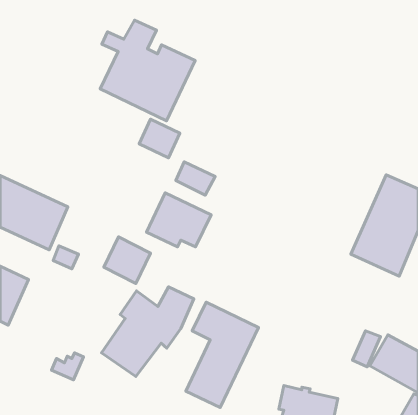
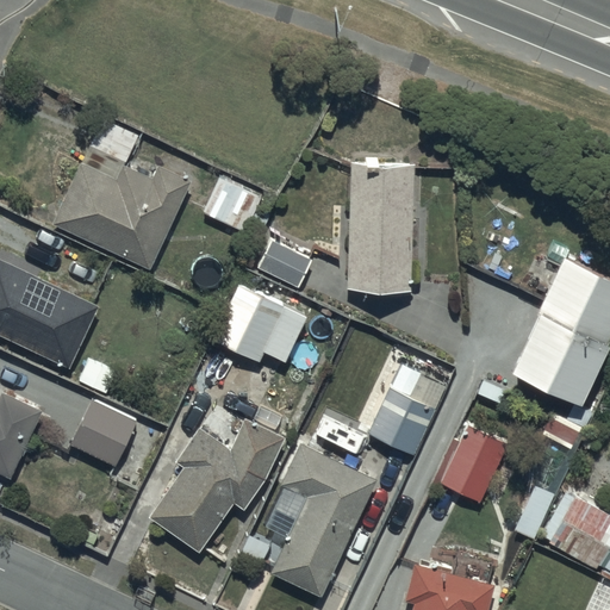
building: [100,20,195,121] -> [55,122,193,268]
building: none -> [346,160,416,294]
building: [104,237,151,283] -> [68,399,136,467]
building: none -> [368,365,448,458]
building: none -> [431,424,509,506]

